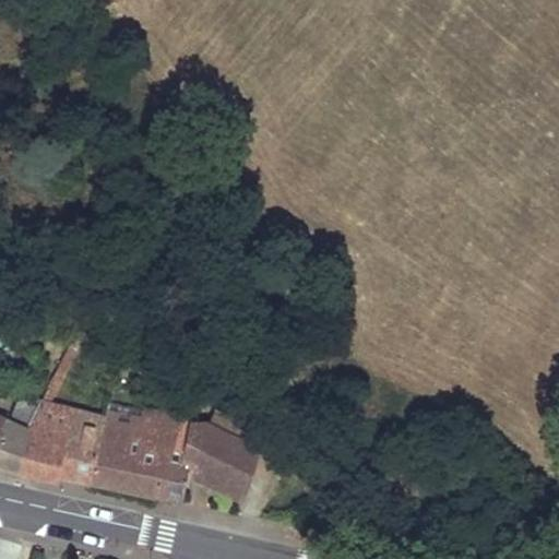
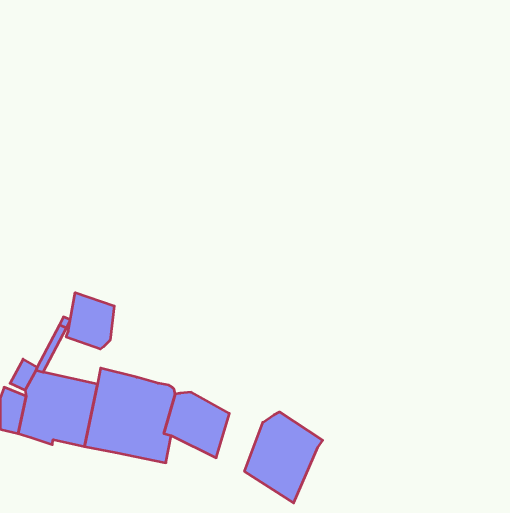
building: none -> [66,293,114,349]
building: none -> [245,412,323,503]

